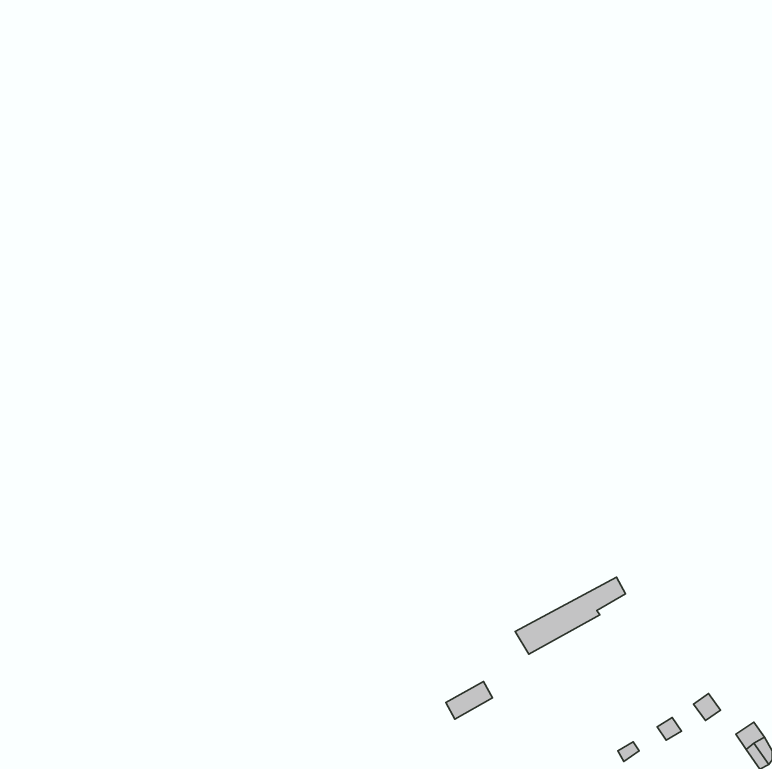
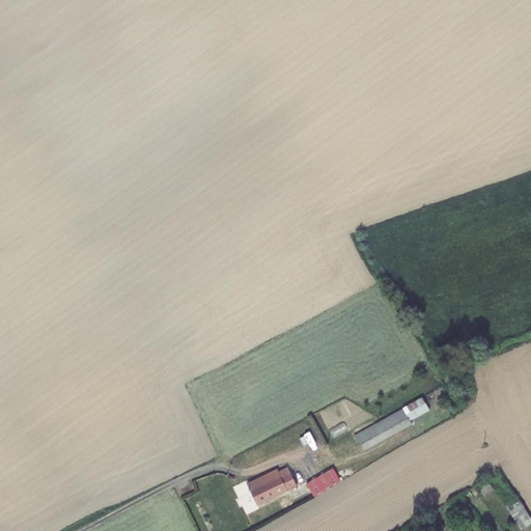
building: none -> [248,470,298,506]

